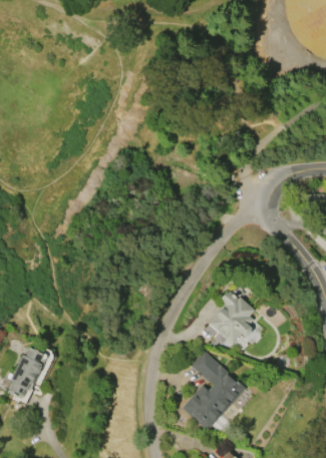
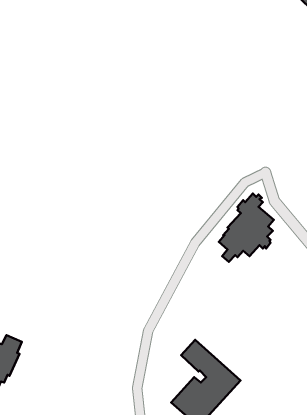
building: [205,286,255,348] -> [219,194,274,262]

